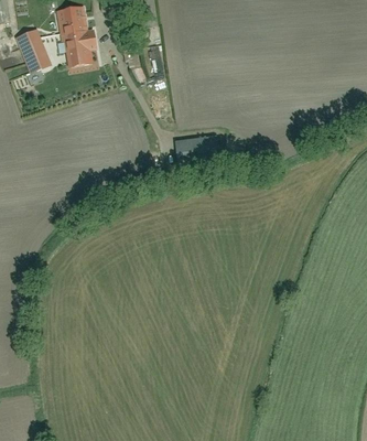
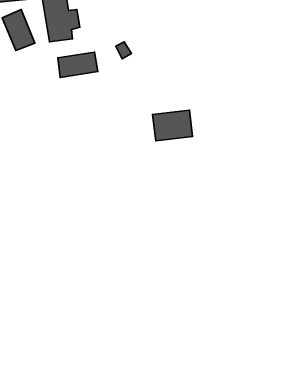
building: none -> [58,52,98,78]

